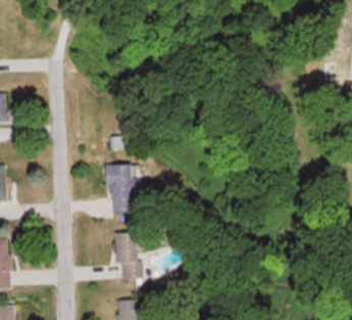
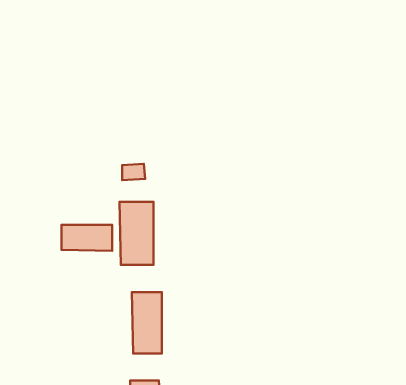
building: none -> [61,225,112,251]

